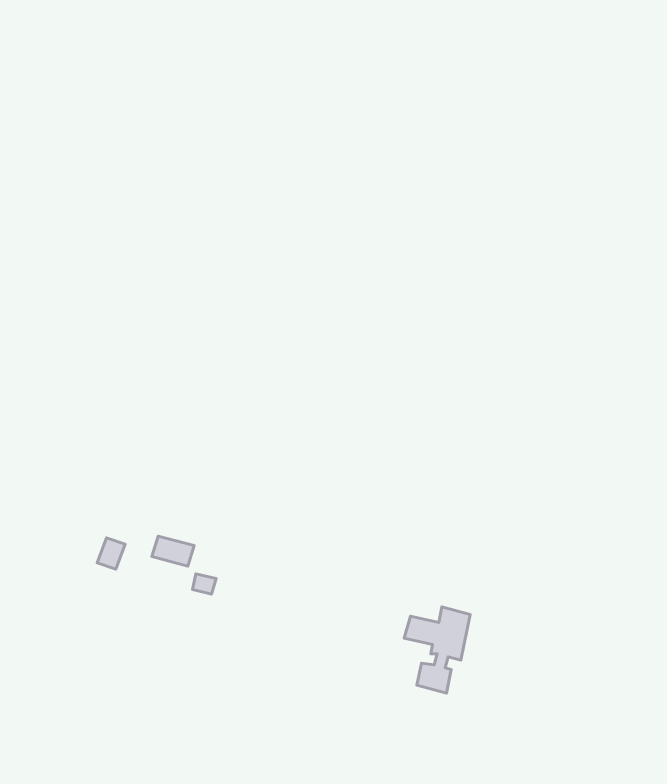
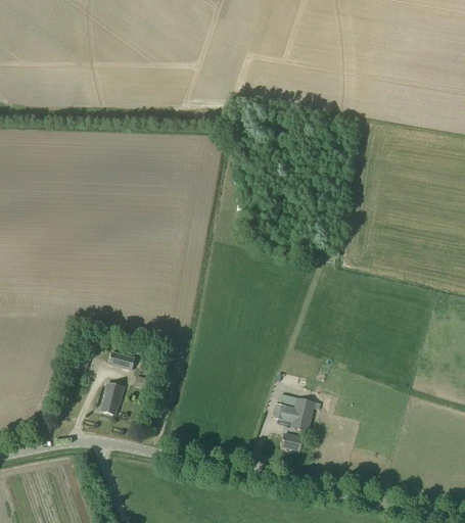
building: none -> [100,382,124,414]

